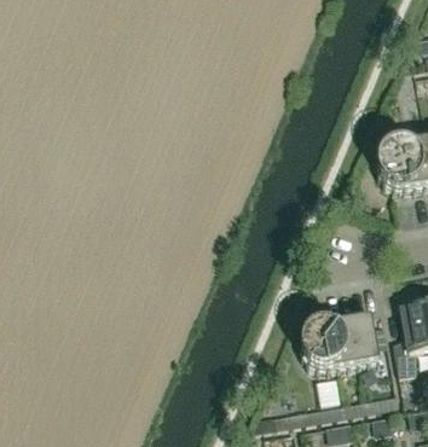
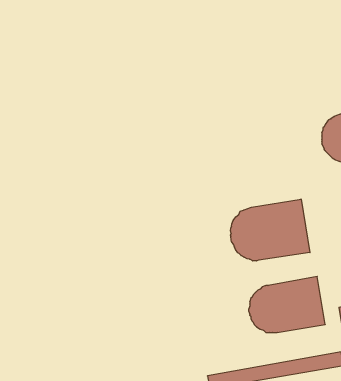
building: none -> [231,199,310,261]

